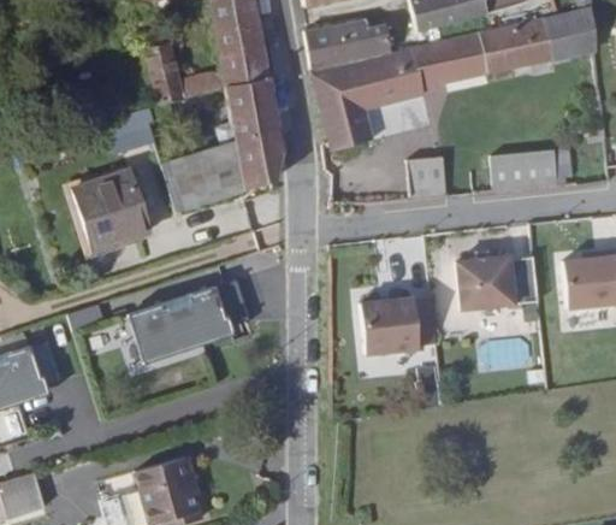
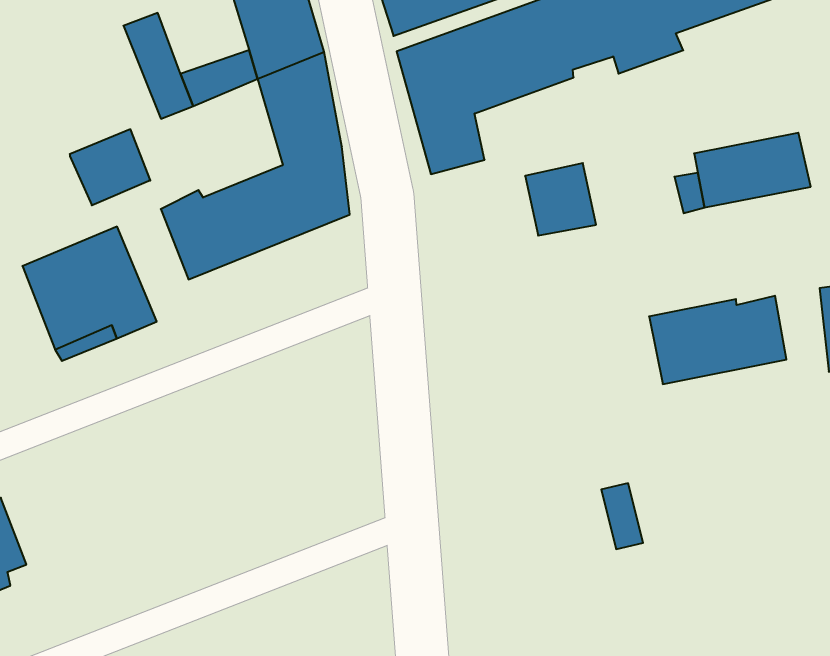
building: [124,270,248,354] -> none
building: [361,290,438,348] -> none

